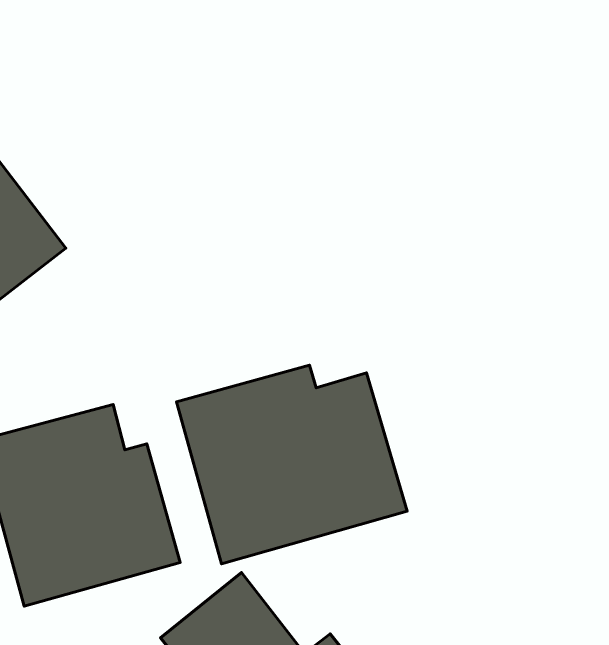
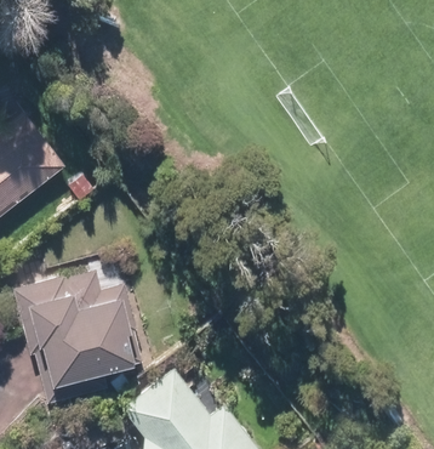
building: [177,365,407,564] -> none

